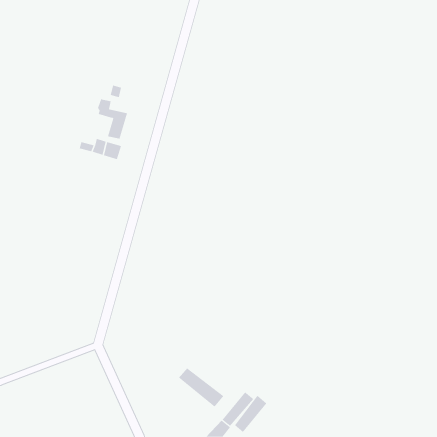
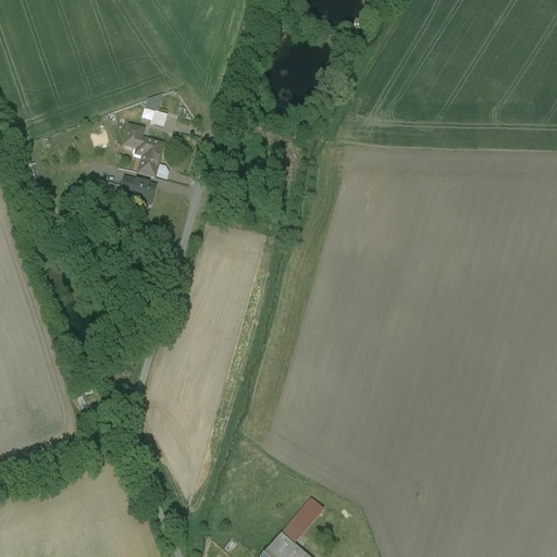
building: [178,367,224,408] -> none
building: [234,395,267,433] -> none

